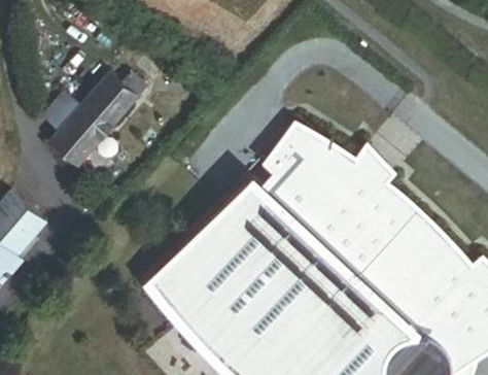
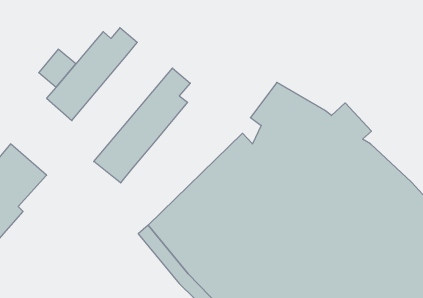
building: none -> [94,68,190,183]

